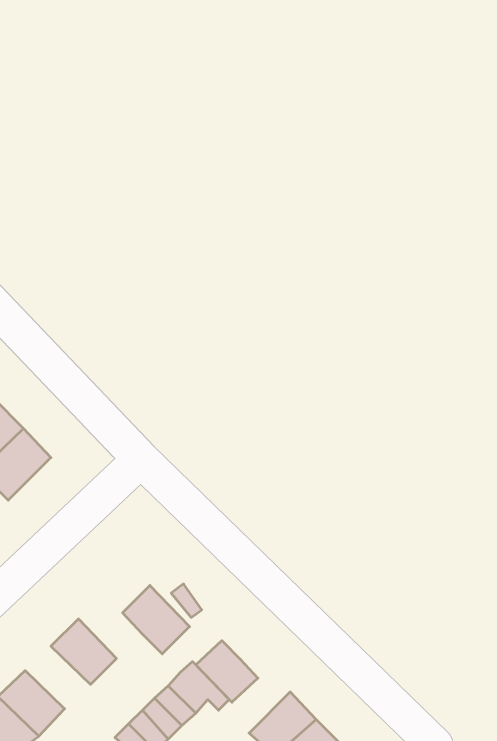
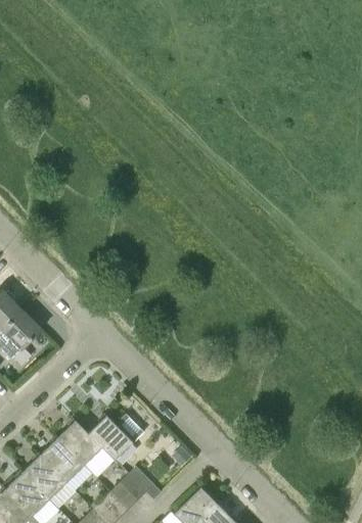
building: none -> [59,421,102,465]
building: [196,641,258,702] -> none
building: none -> [24,457,67,498]

